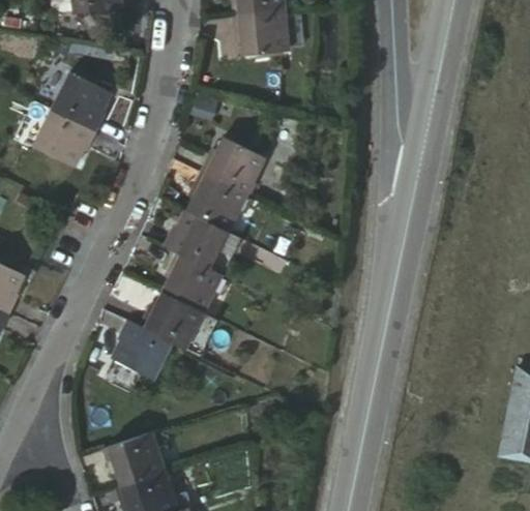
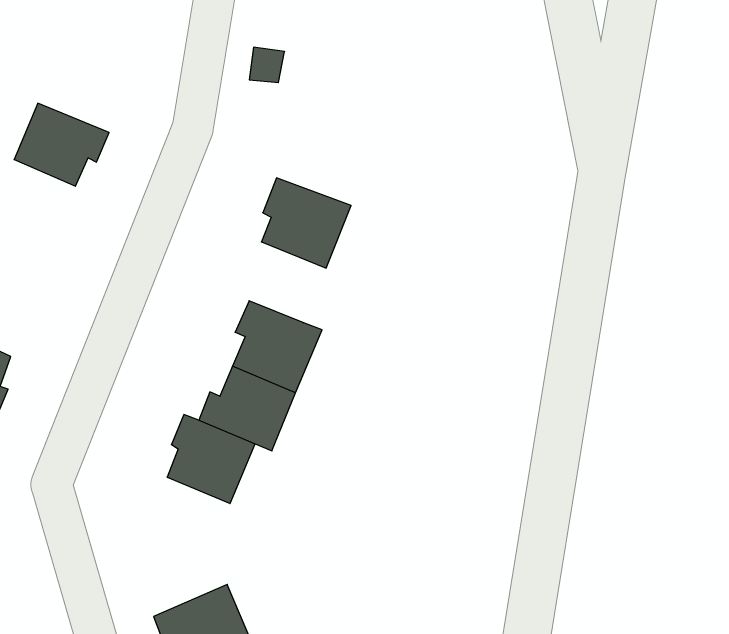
building: [51,76,107,134] -> none
building: [201,138,264,191] -> none
building: [167,211,229,265] -> none

